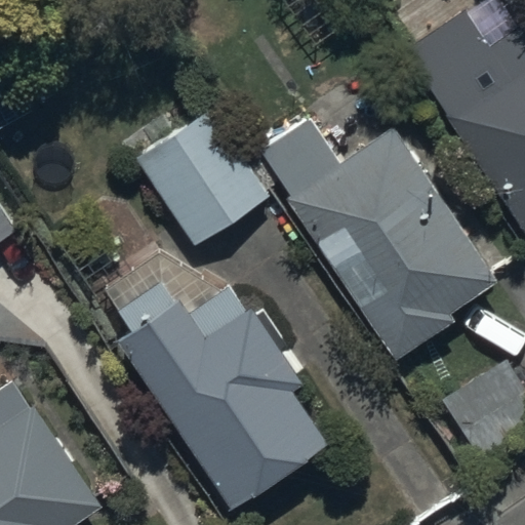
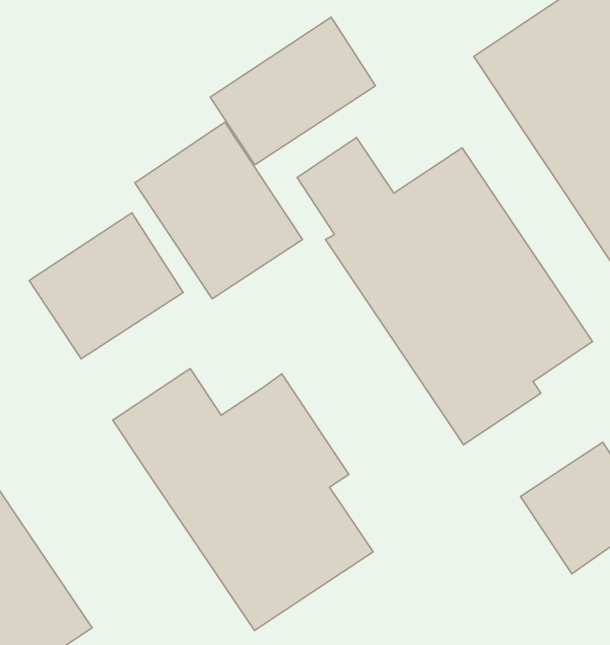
building: none -> [210,17,375,165]
building: none -> [29,213,183,359]

